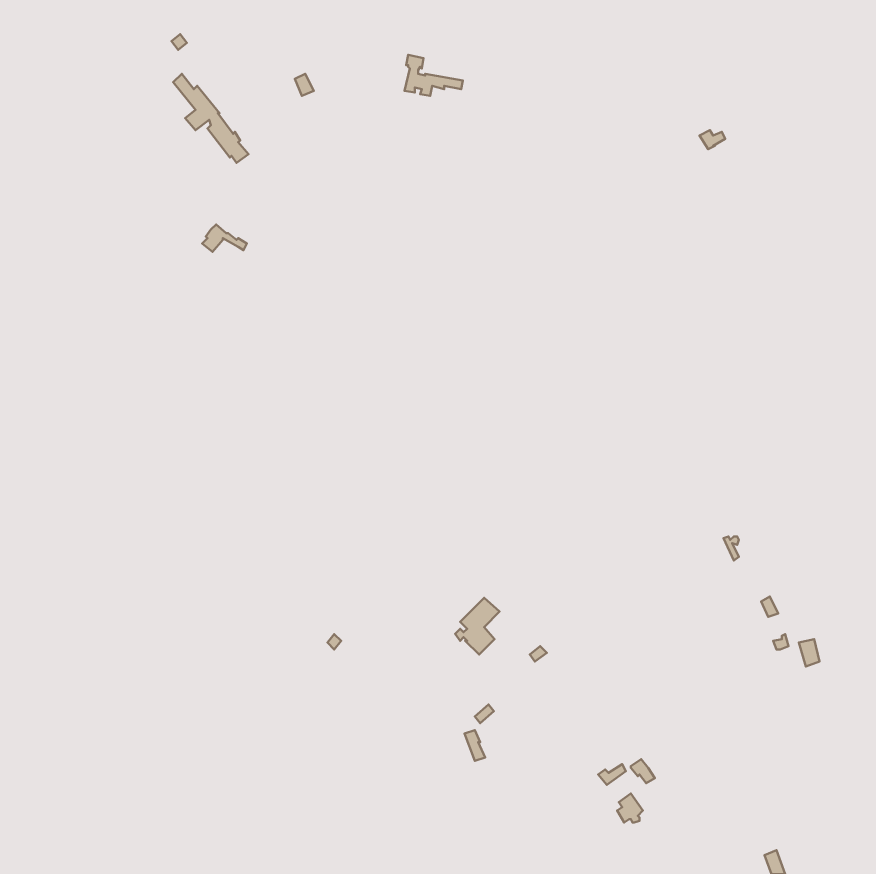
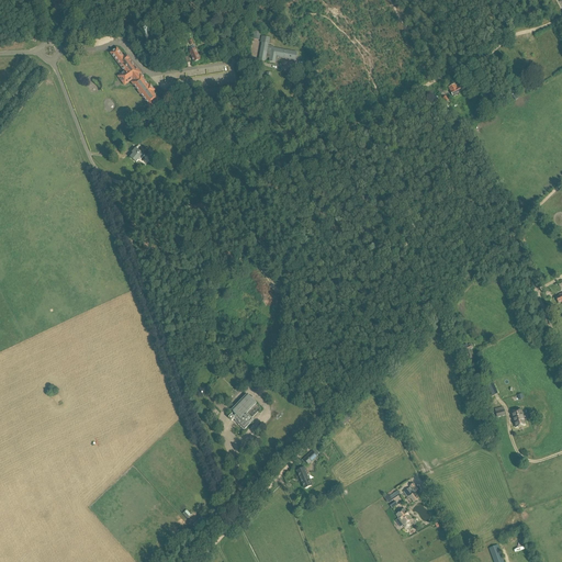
building: [455,598,500,654] -> [228,393,257,429]

